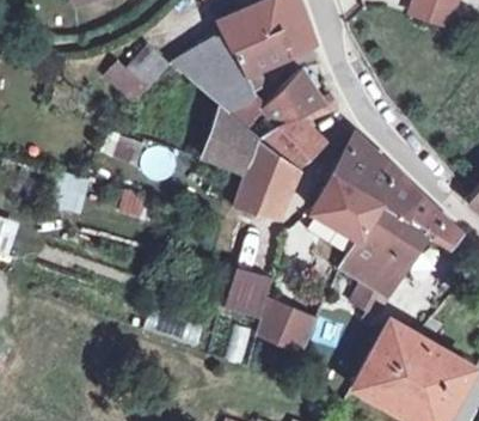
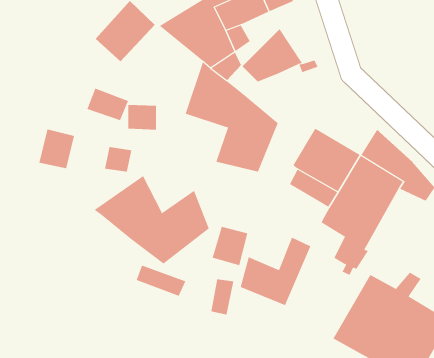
building: [262,117,324,167] -> none
building: [334,135,398,200] -> none
building: none -> [93,175,210,265]

